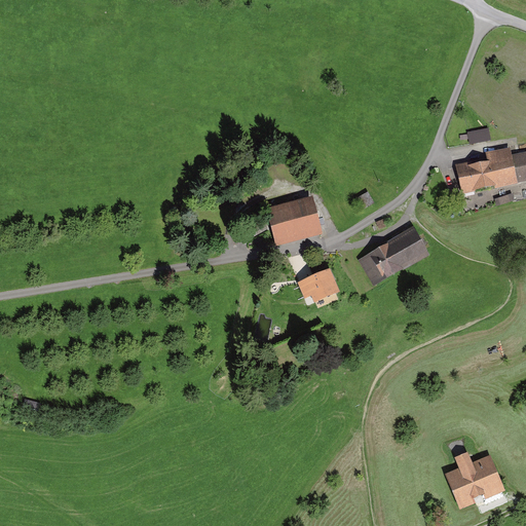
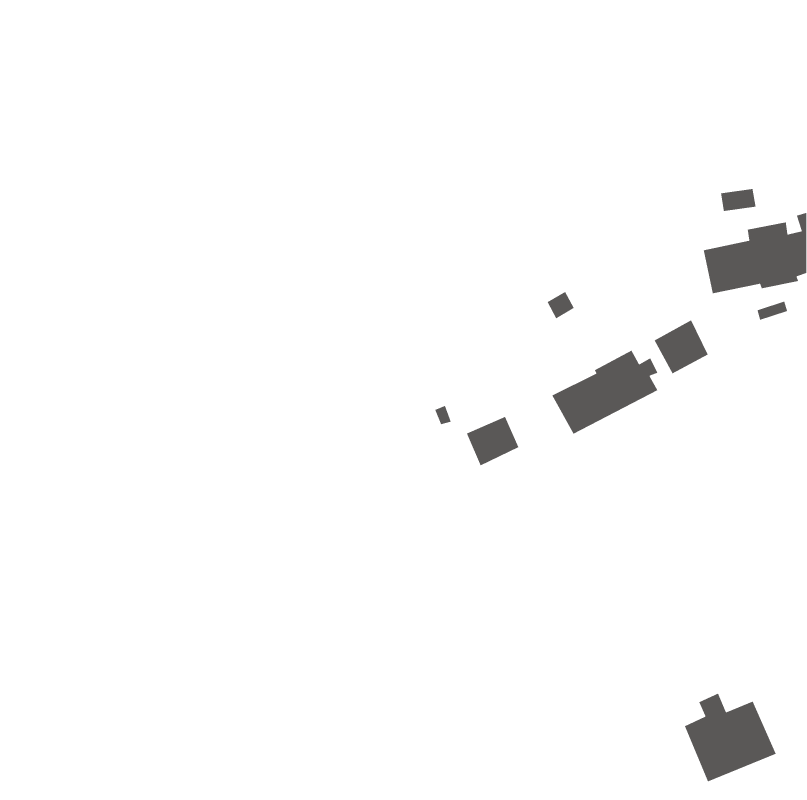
building: [264,197,321,247] -> none
building: none -> [654,319,709,374]

